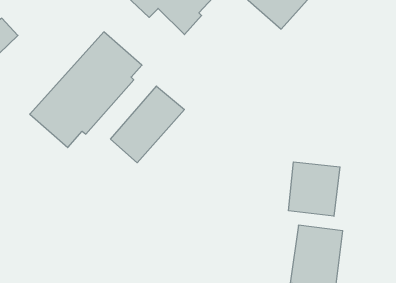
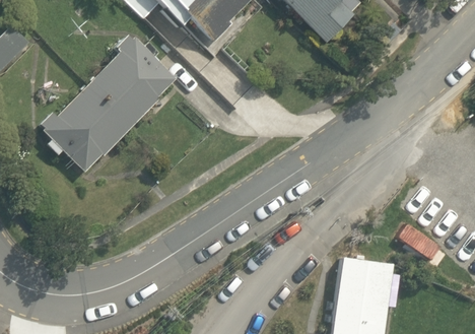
building: [111,86,184,163] -> none
building: [289,162,340,216] -> none

